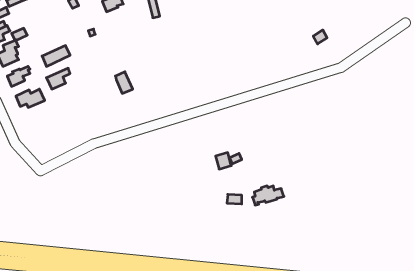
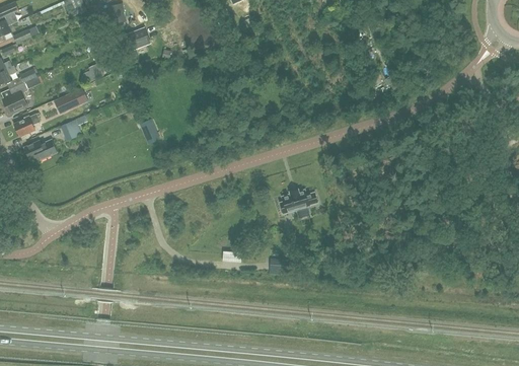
building: [252,186,284,205] -> [281,191,317,213]

